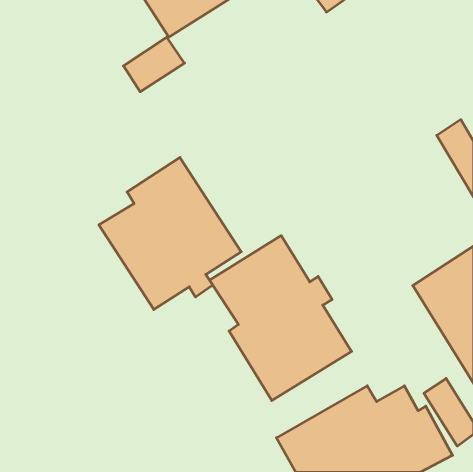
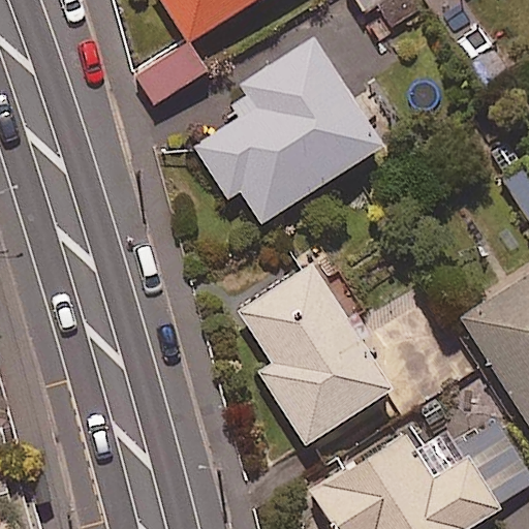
building: none -> [194,37,383,225]
building: [99,157,241,310] -> none

